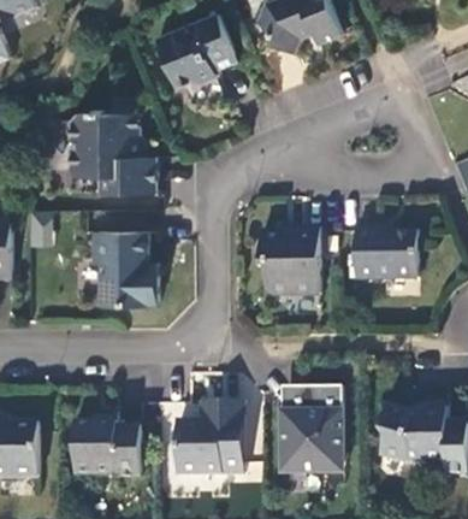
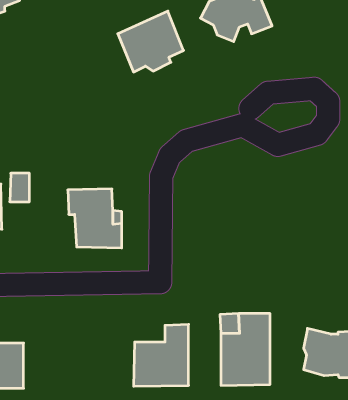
building: [66,101,154,195] -> none
building: [357,224,421,279] -> none
building: [260,229,319,296] -> none
building: [75,421,141,478] -> none

